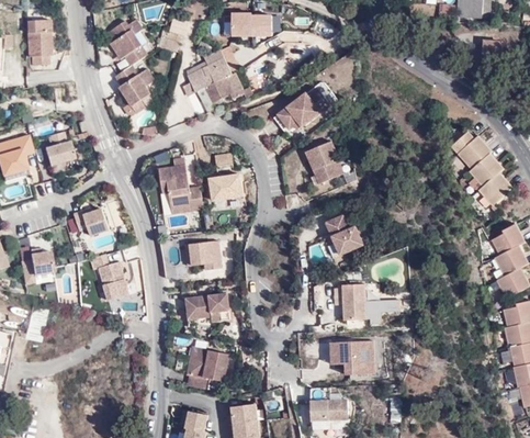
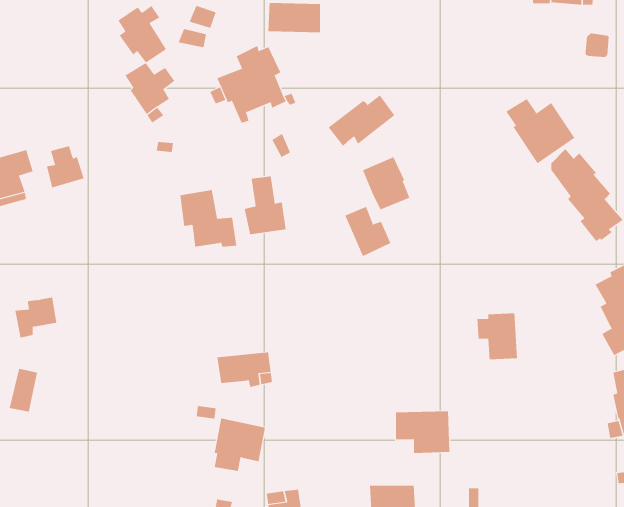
building: [23,22,49,65] -> none
building: none -> [506,98,575,164]
building: [78,207,114,236] -> none
building: [323,212,360,252] -> [344,206,391,257]
building: [191,240,224,271] -> none
building: [93,255,133,302] -> none
building: [334,284,367,322] -> [477,313,518,360]

